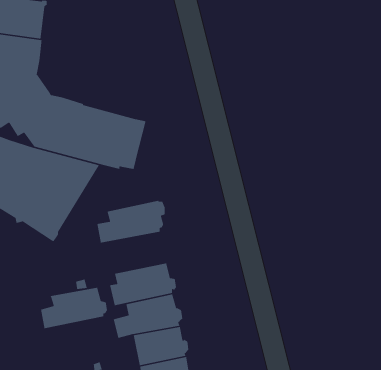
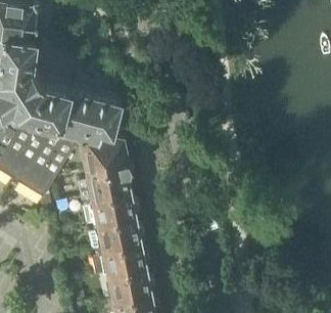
building: none -> [81,139,131,177]
building: [38,287,108,329] -> [83,194,140,229]

